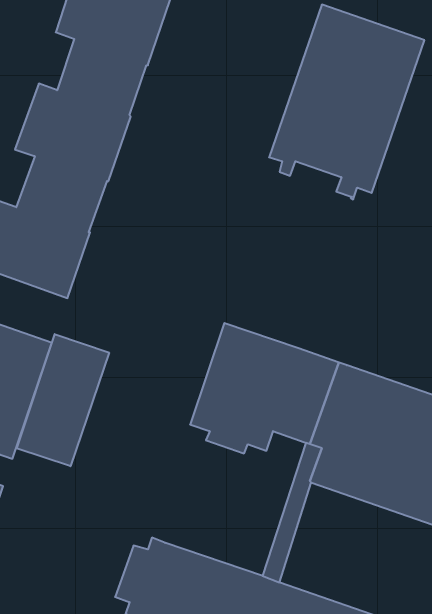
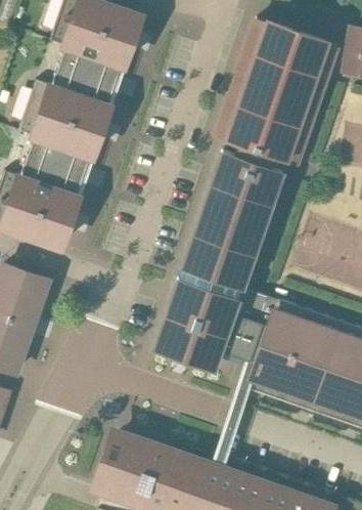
building: none -> [185,139,284,285]
building: [17,334,109,466] -> none

